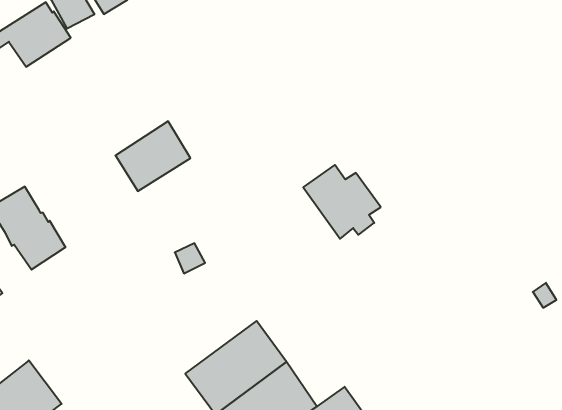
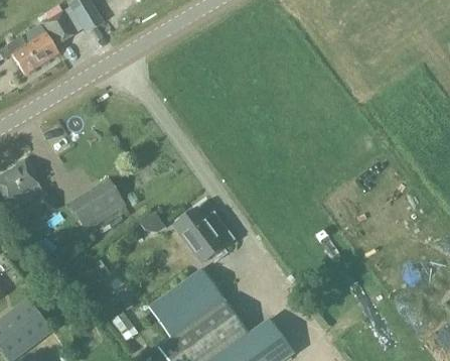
building: [115,121,190,191] -> [68,177,126,231]
building: [303,165,381,239] -> [173,208,233,264]

